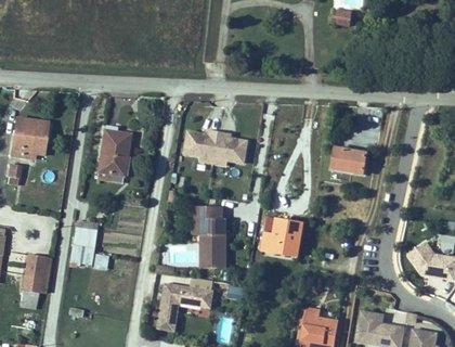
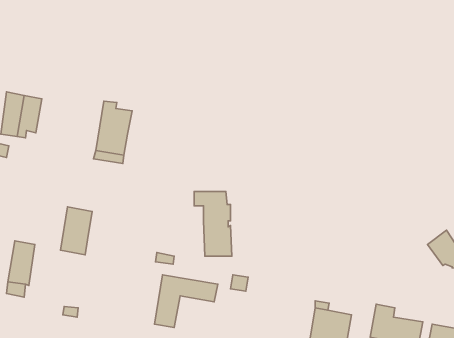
building: [188,127,251,164] -> none
building: [333,144,368,171] -> none
building: [262,216,303,255] -> none

